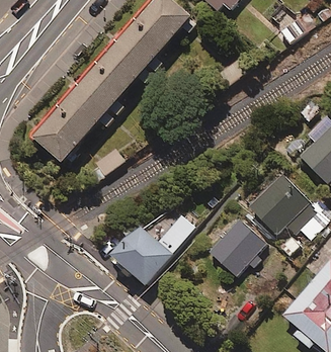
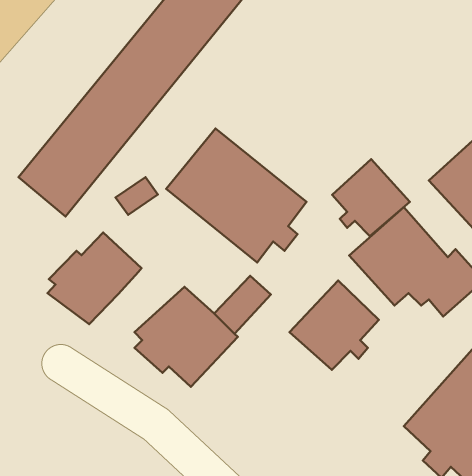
building: none -> [166,128,306,262]
building: none -> [332,159,410,236]
building: none -> [48,232,142,324]

